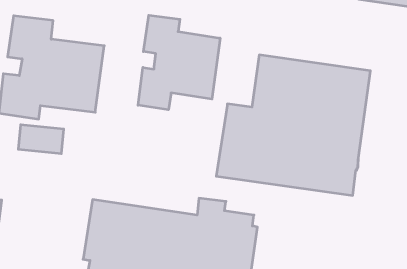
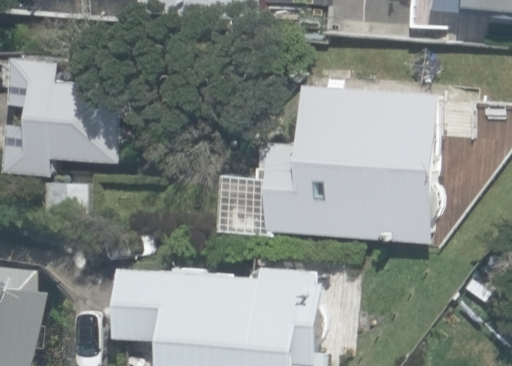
building: [138,15,220,110] -> none

